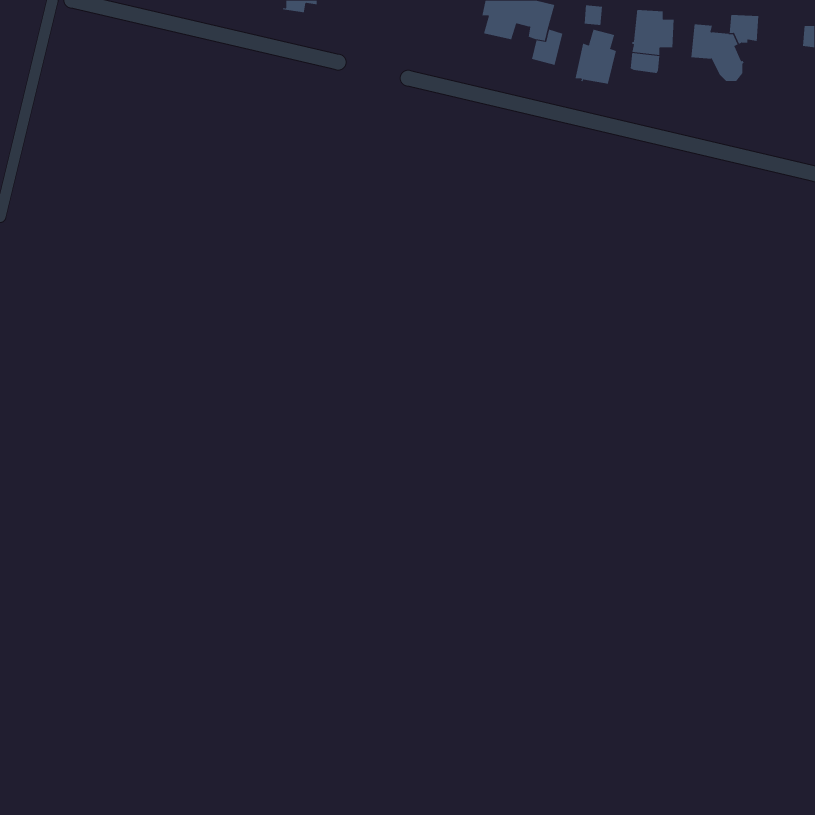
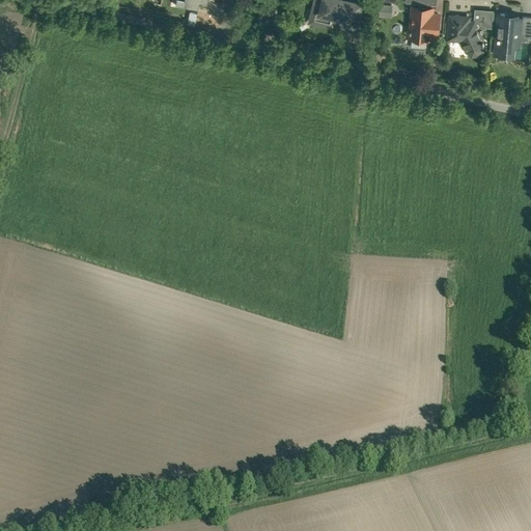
building: none -> [497,17,521,52]
building: [575,29,617,84] -> none

